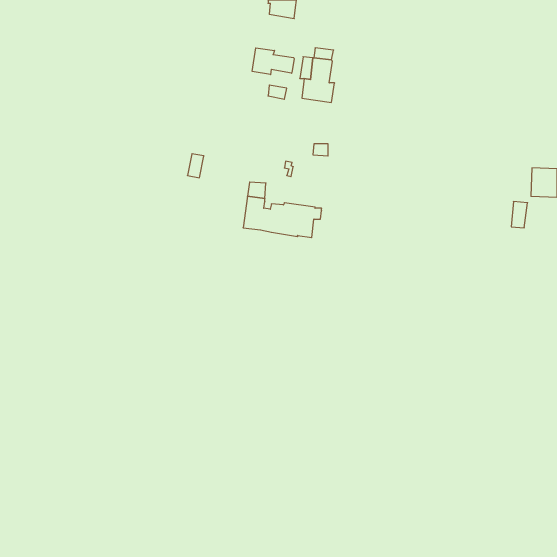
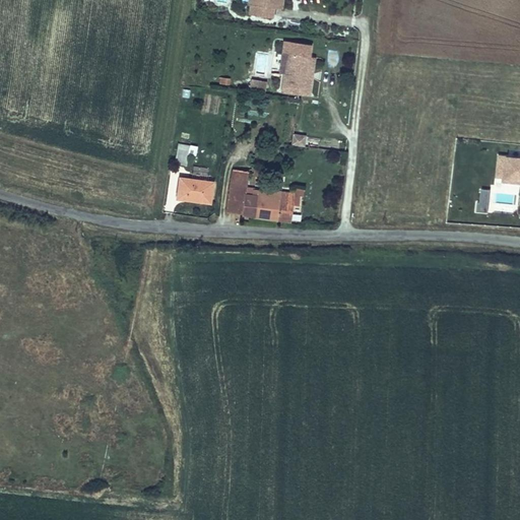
building: [252,48,294,75] -> none
building: none -> [177,178,212,203]

